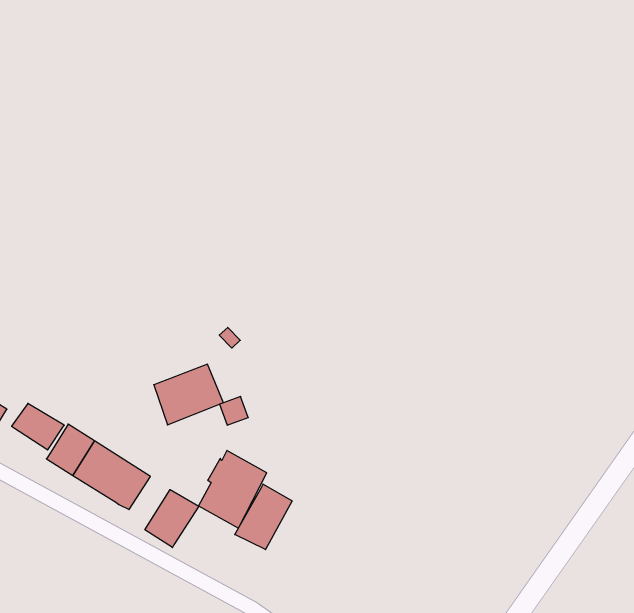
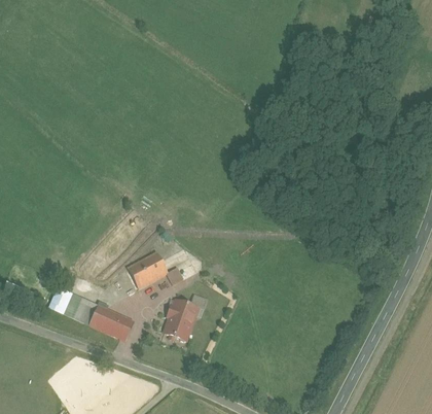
building: [235,484,292,550] -> none
building: [145,490,199,548] -> none

